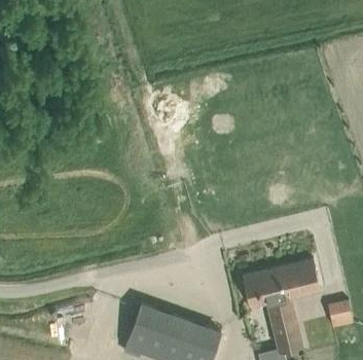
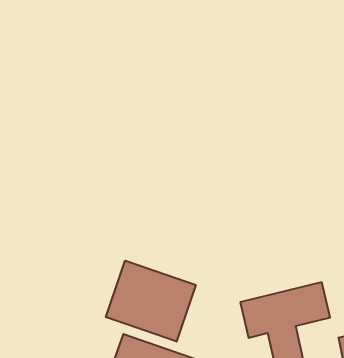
building: none -> [106,261,196,342]

